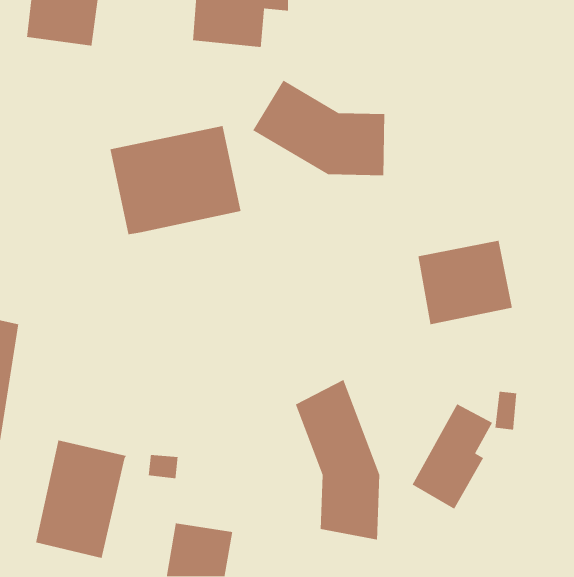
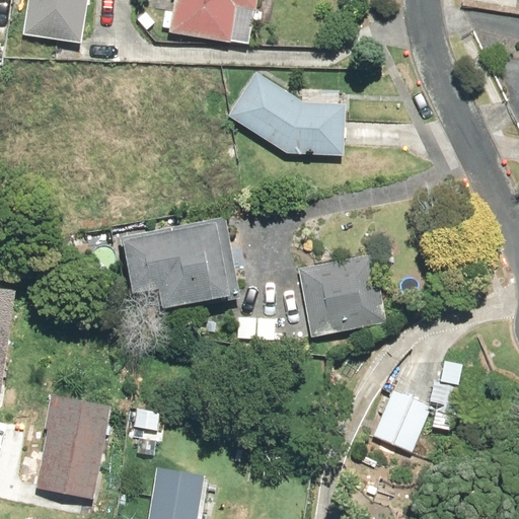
building: [110,125,241,235] -> [123,220,240,318]
building: [417,240,513,325] -> [296,252,381,328]
building: [295,379,380,540] -> none

